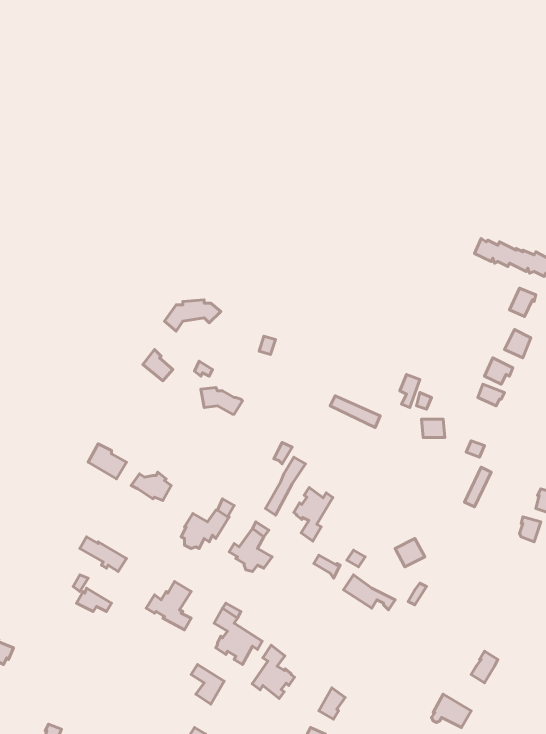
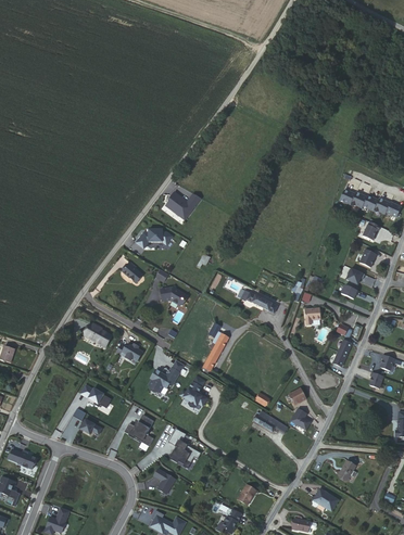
building: none -> [166,193,202,221]
building: [294,488,333,541] -> none
building: [252,645,294,698] -> none

